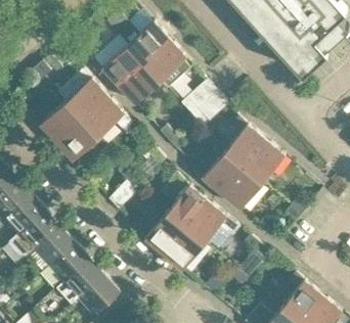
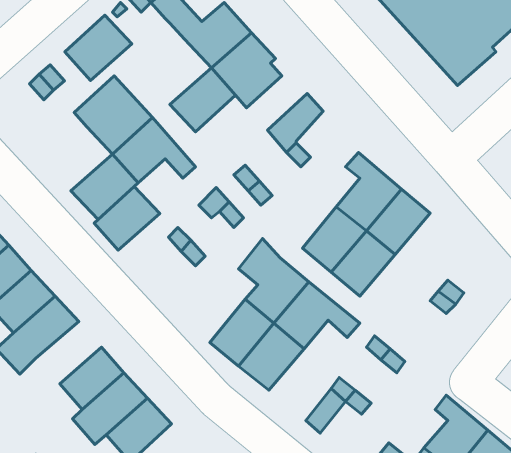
building: [102,46,145,88] -> [65,15,132,80]
building: [40,102,82,143] -> [94,186,160,250]
building: [33,227,75,267] -> none

